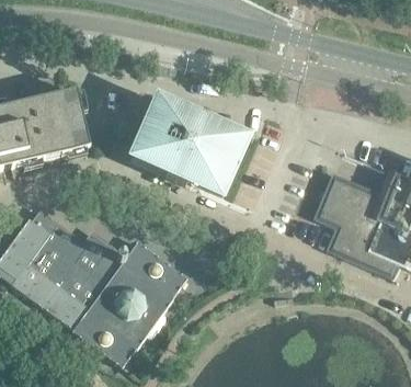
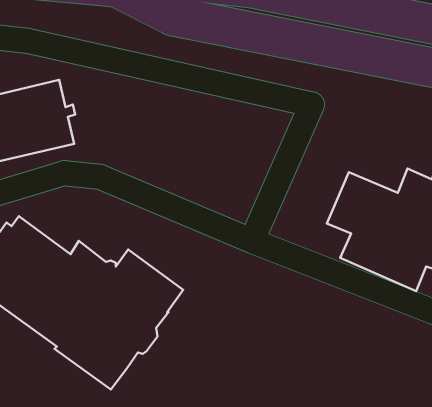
building: [132,100,246,193] -> none

